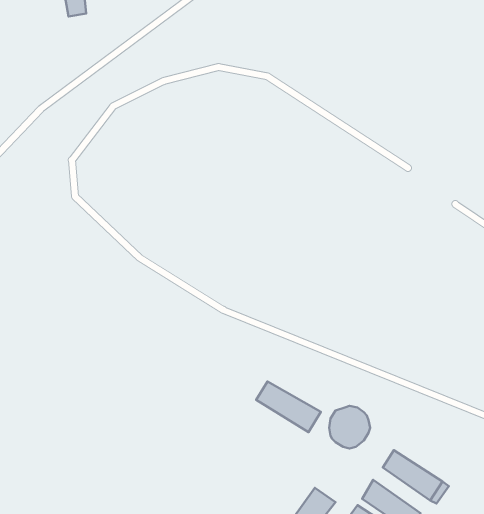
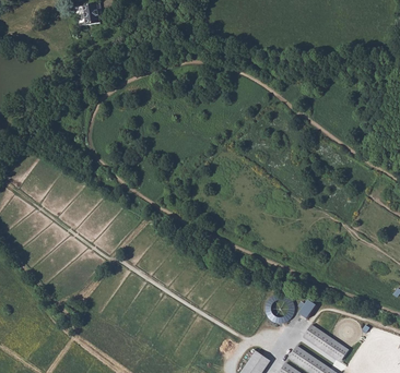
building: [256,382,321,432] -> none

